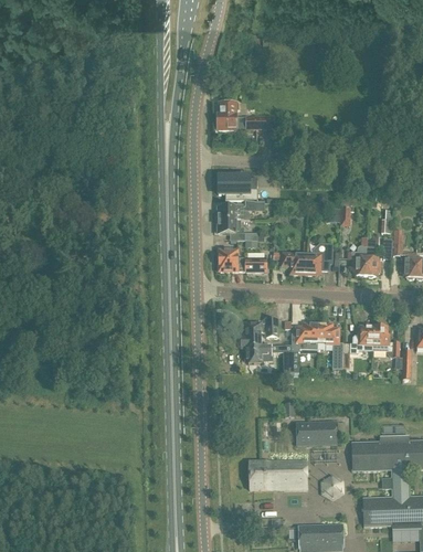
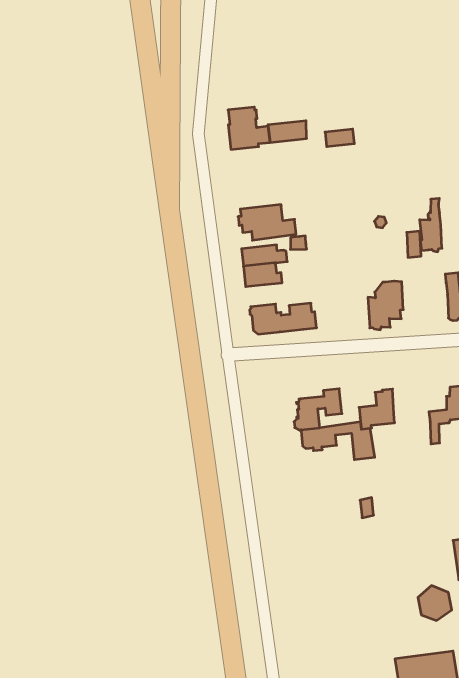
building: [350,237,368,277] -> [420,198,442,252]
building: [281,252,307,277] -> none
building: [317,323,343,369] -> none
building: [296,422,337,445] -> none
building: [248,459,307,489] -> none

